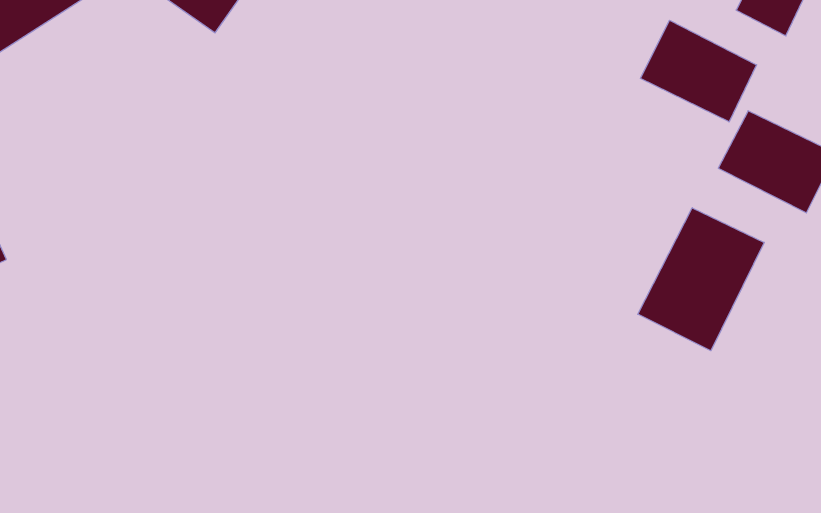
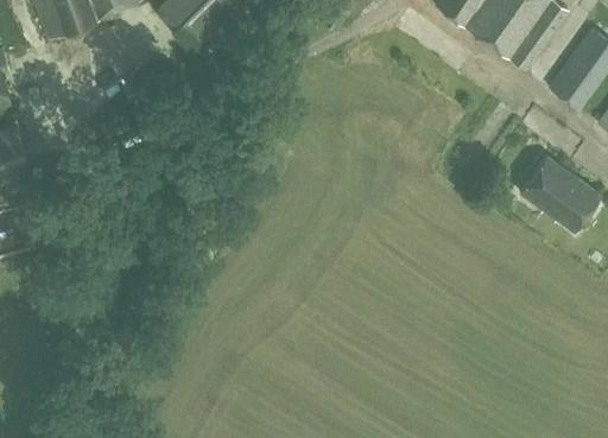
building: [641,20,757,122] -> none
building: [638,208,764,351] -> none

